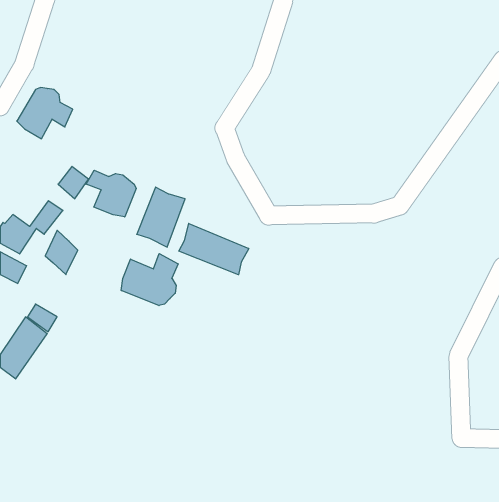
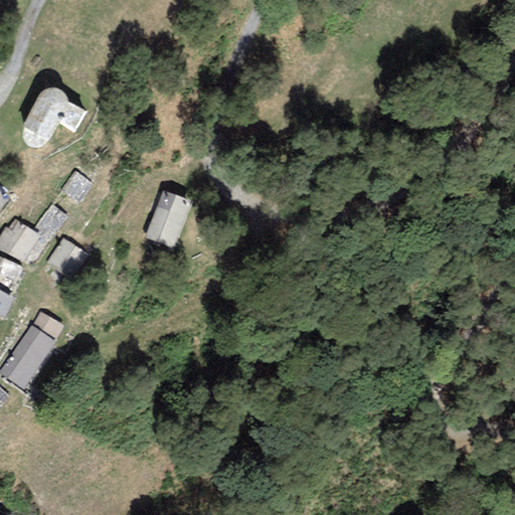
building: [86,170,136,217] -> none
building: [179,223,249,275] -> none
building: [121,254,178,306] -> none

